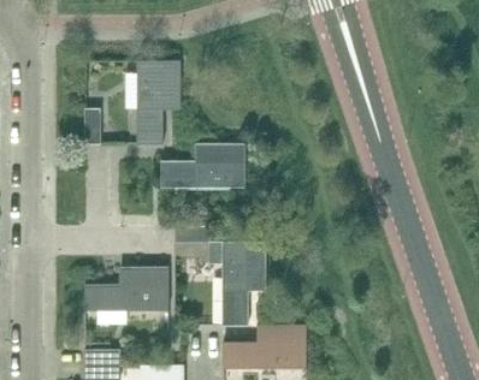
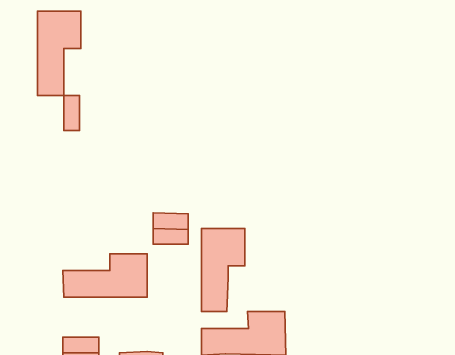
building: [136,60,179,144] -> [37,11,81,96]
building: [160,143,244,188] -> none

